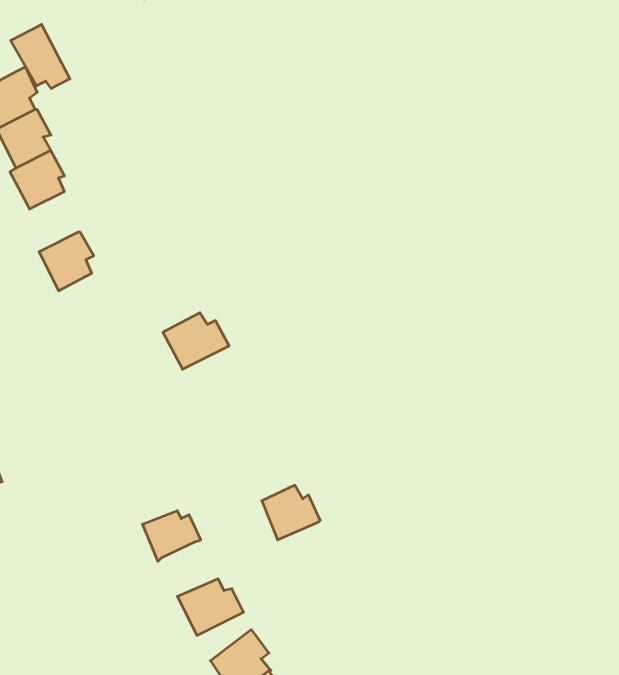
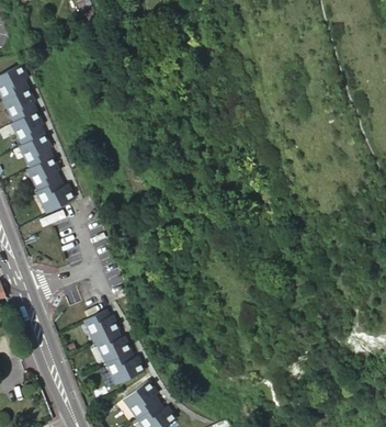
building: [11,24,70,89] -> none
building: none -> [18,132,48,166]
building: [163,313,229,369] -> [35,179,72,211]
building: [262,485,320,540] -> [95,330,128,361]

